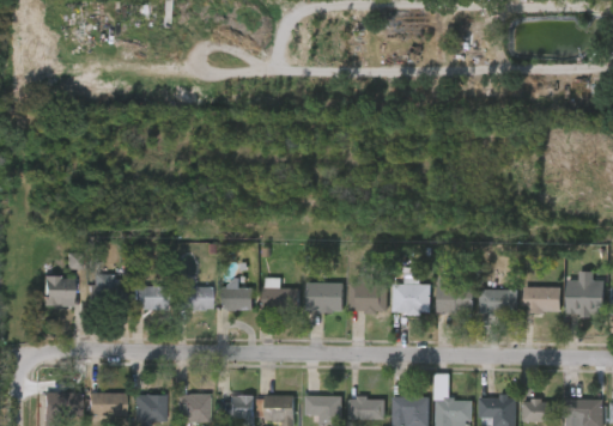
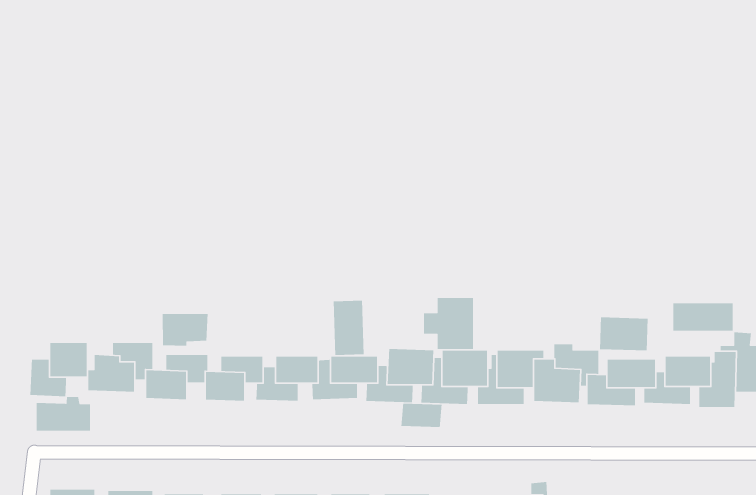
building: none -> [423,297,474,350]
building: none -> [333,300,365,356]
building: none -> [672,302,734,331]
building: none -> [162,313,208,347]
building: none -> [599,317,649,351]
building: none -> [36,396,91,431]
building: none -> [401,403,442,428]

